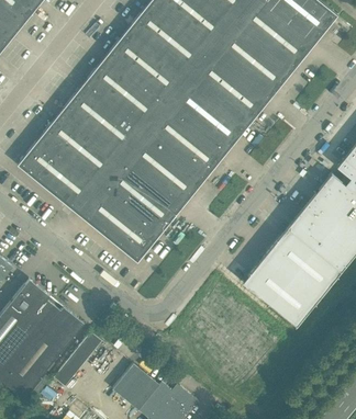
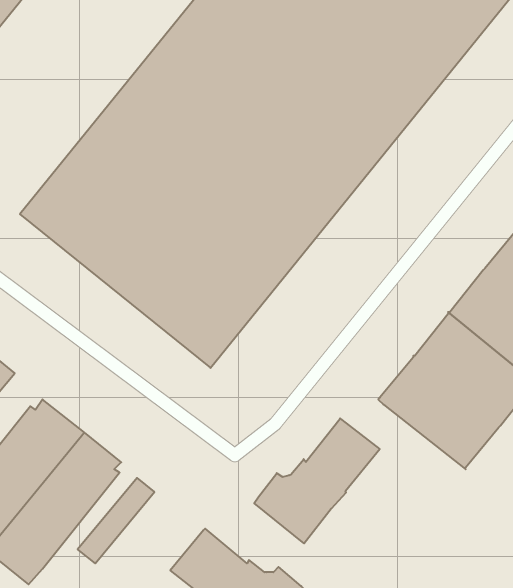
building: none -> [254,418,380,543]

